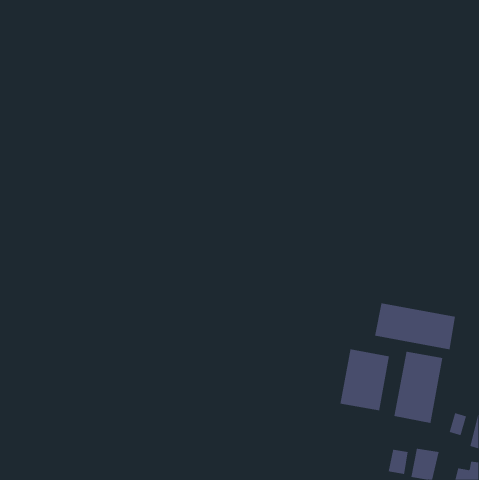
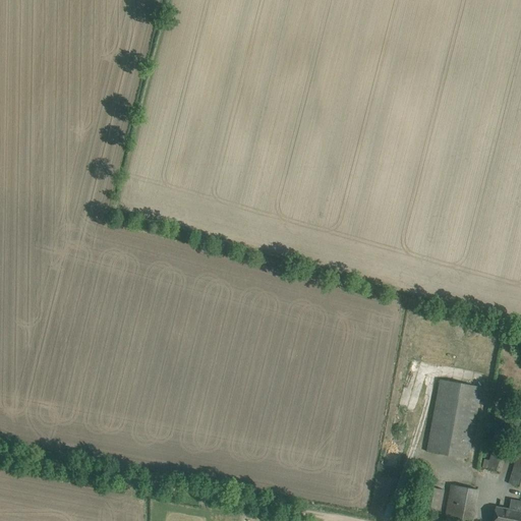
building: [374,302,456,350] -> none
building: [340,348,390,411] -> none

